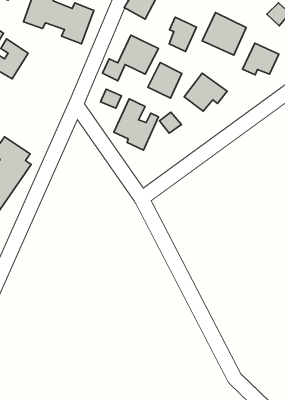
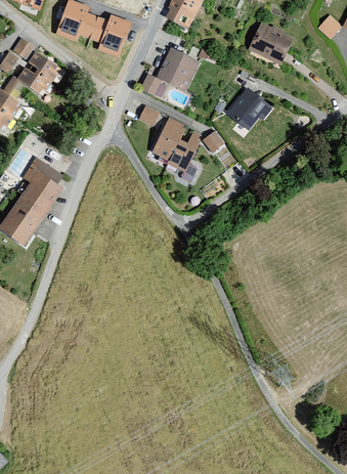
building: [169,17,196,51] -> none
building: [243,43,279,75] -> none
building: [148,63,182,98] -> none

